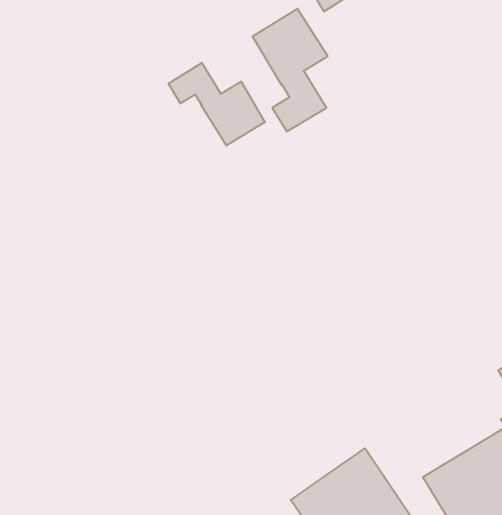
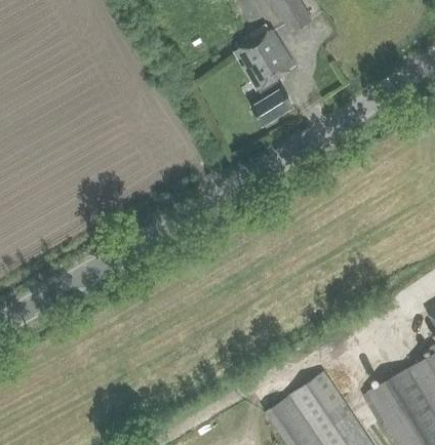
building: [168,63,265,146] -> none

